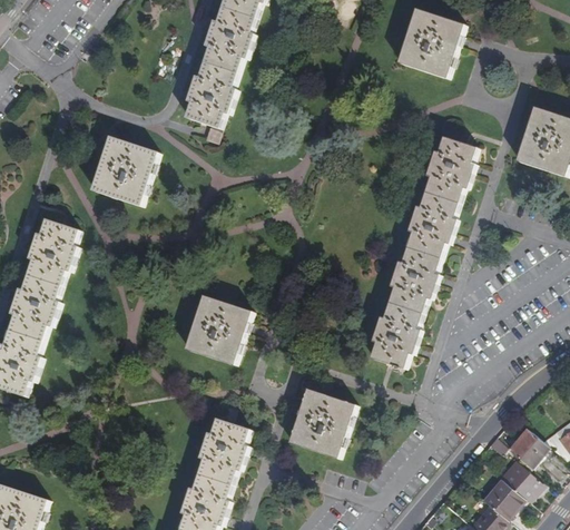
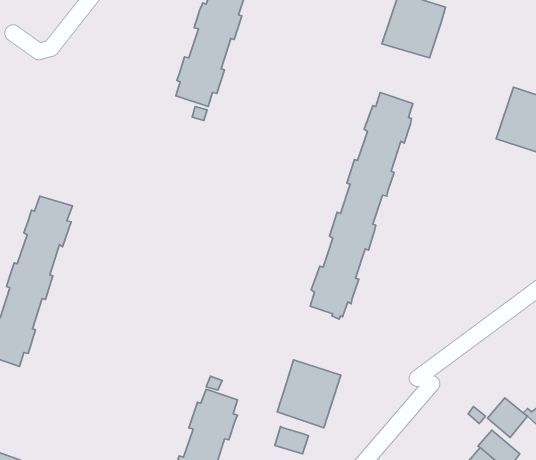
building: [91,136,156,206] -> none
building: [370,137,475,371] -> [310,93,413,319]
building: [185,295,250,365] -> none
building: none -> [275,427,308,454]

